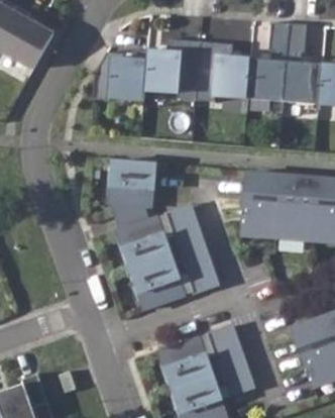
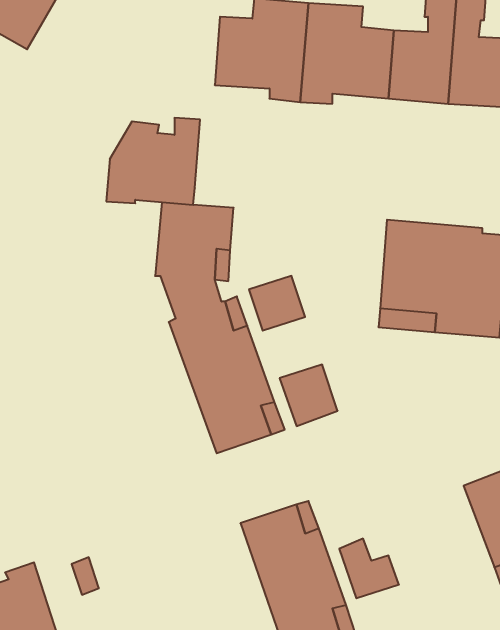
building: [92,49,147,101] -> [106,118,200,205]
building: [173,228,208,265] -> none
building: [207,325,247,373] -> none

